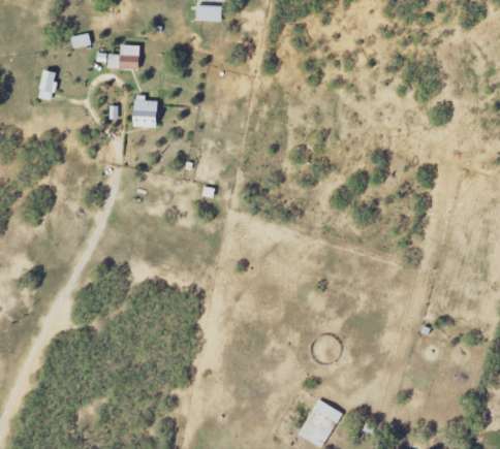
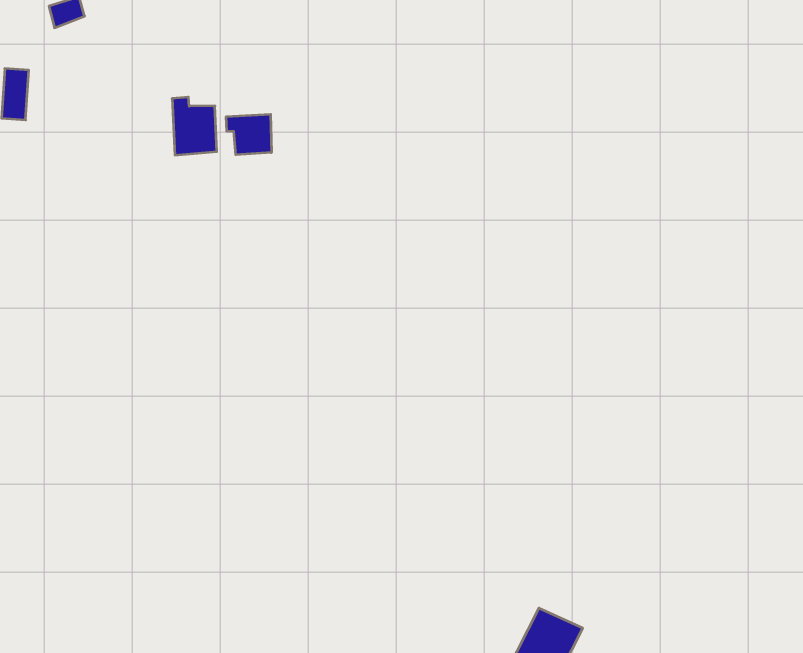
building: [107,44,139,69] -> none
building: none -> [226,114,271,155]

